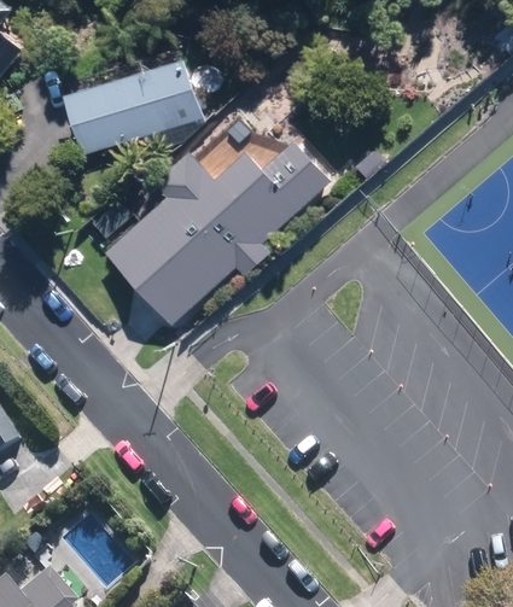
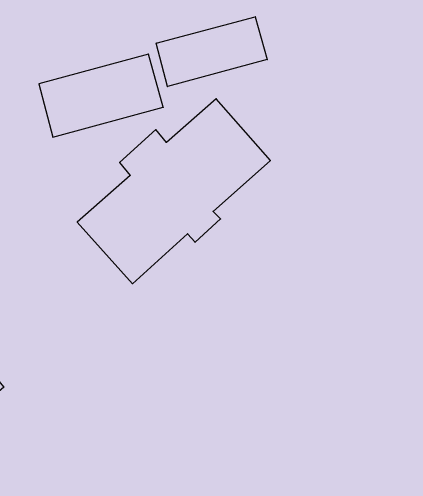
building: none -> [156,17,267,87]

